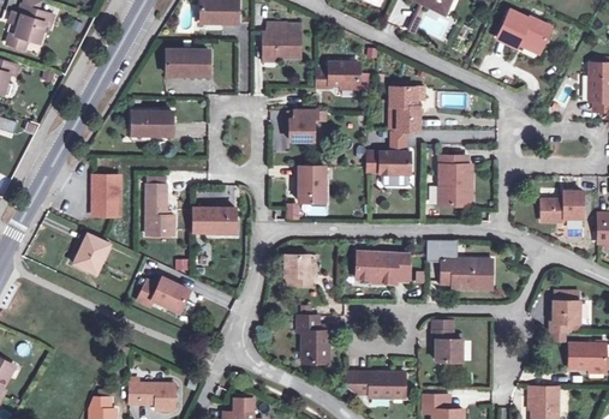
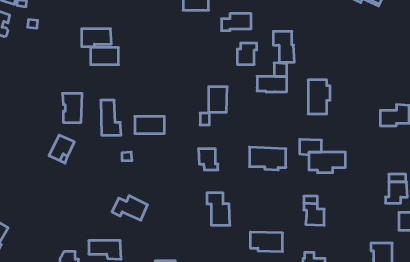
building: [167,49,209,74] -> [82,29,111,47]
building: [289,110,317,140] -> [237,43,257,64]
building: [138,276,189,311] -> [112,196,148,220]

